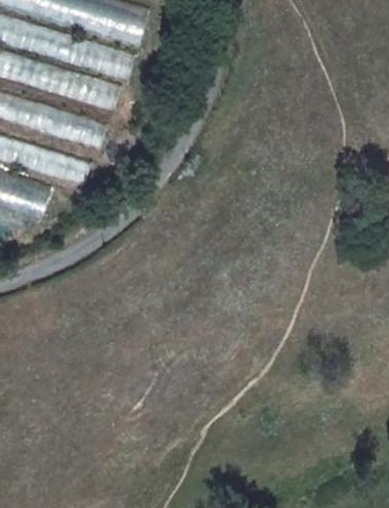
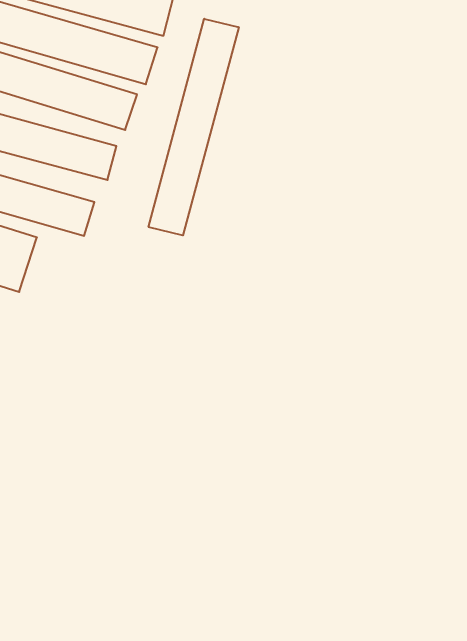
building: none -> [149,19,239,235]

